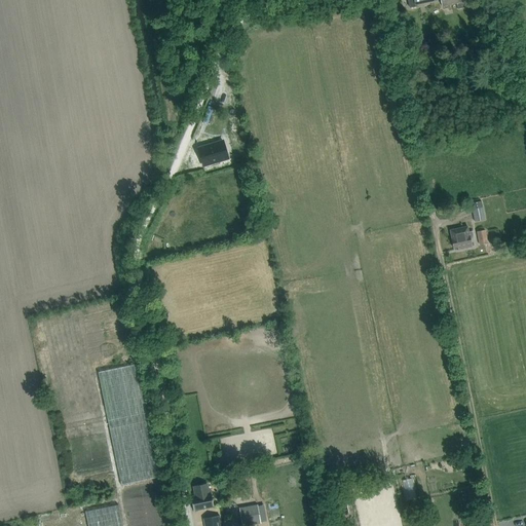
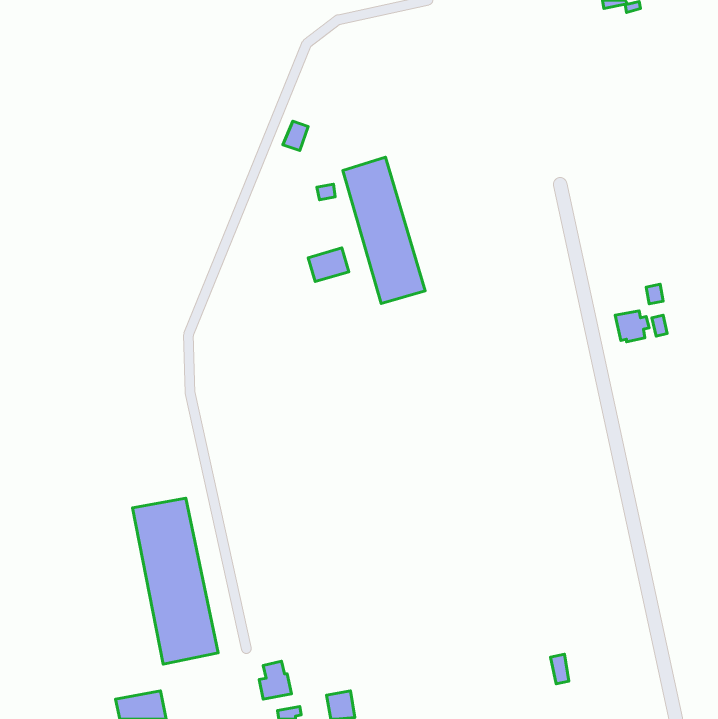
building: none -> [343,157,425,304]
building: [197,141,227,165] -> [308,248,349,282]

